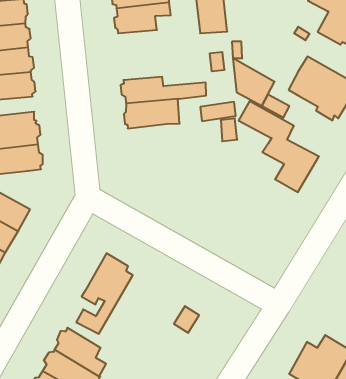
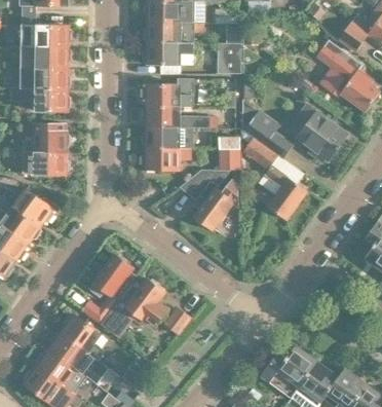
building: none -> [143,84,192,107]
building: none -> [142,148,179,170]
building: none -> [178,170,240,229]
building: none -> [100,275,164,334]

